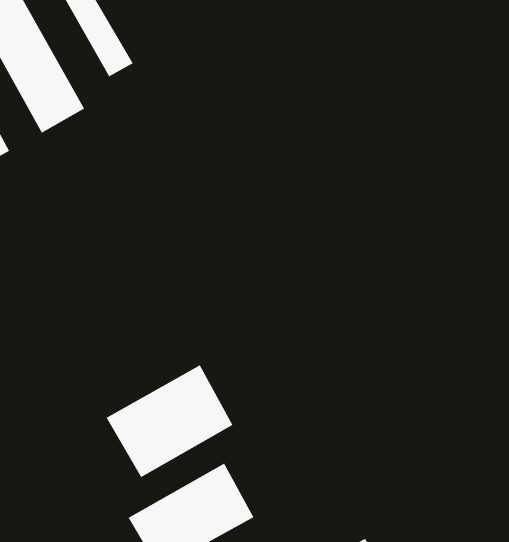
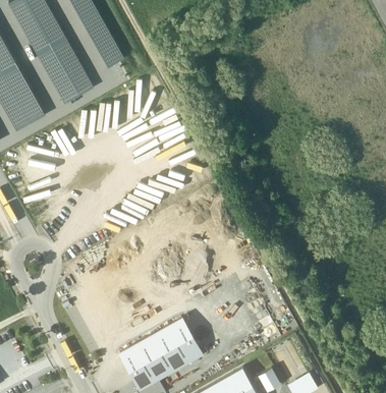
building: [105,364,233,478] -> none

